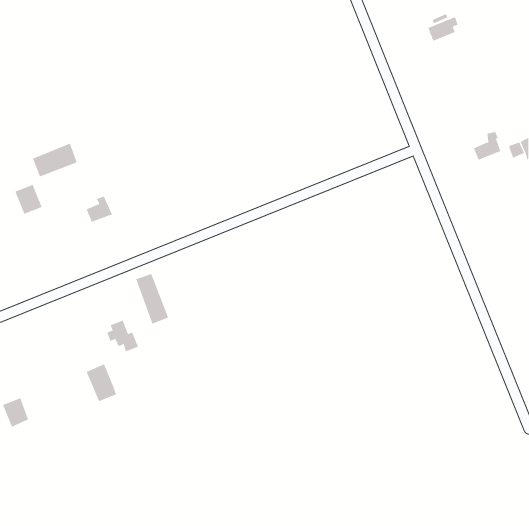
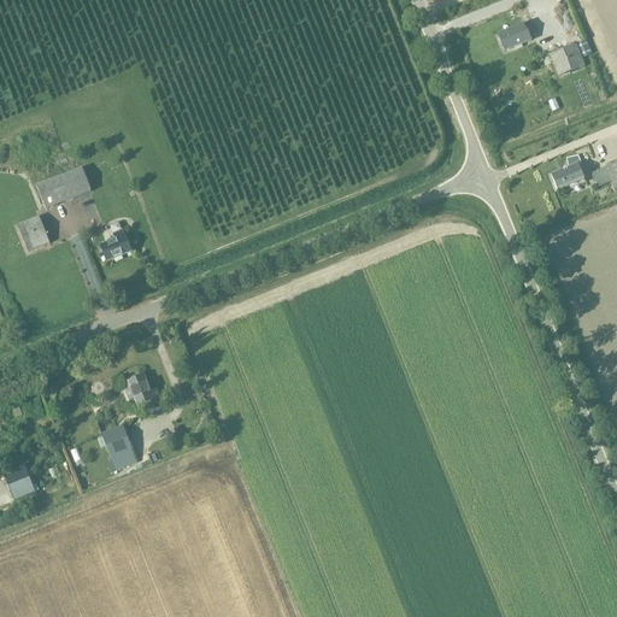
building: none -> [550,42,584,75]
building: [136,273,169,324] -> none

